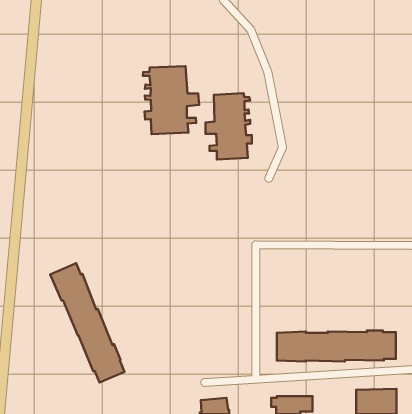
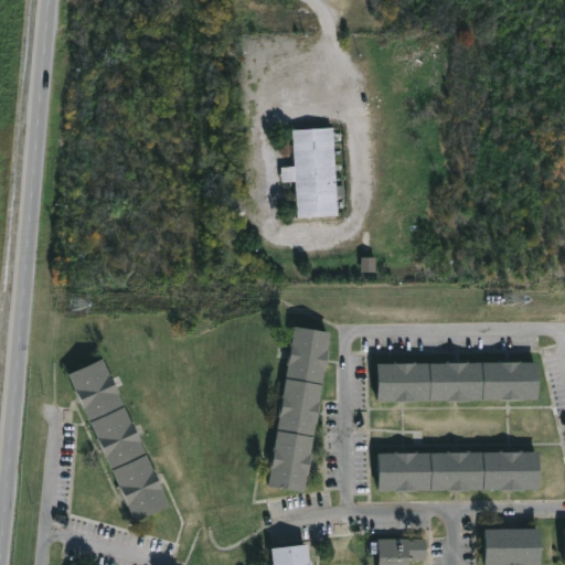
building: [143,66,199,134] -> none
building: none -> [267,327,331,492]
building: none -> [377,361,539,403]

